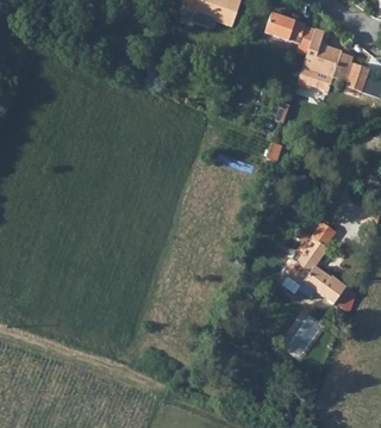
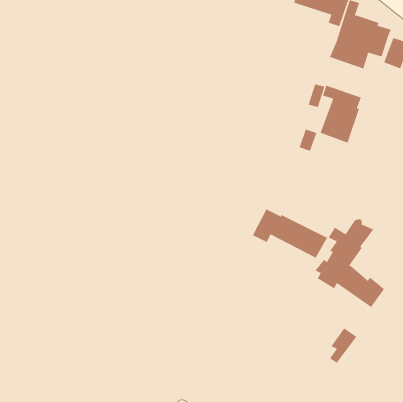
building: none -> [320,85,362,144]
building: none -> [252,208,328,259]

